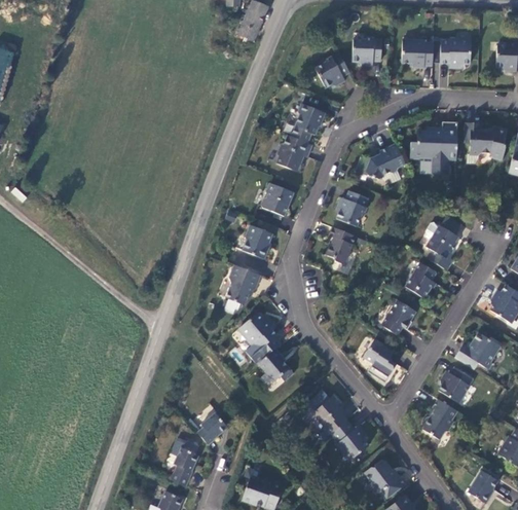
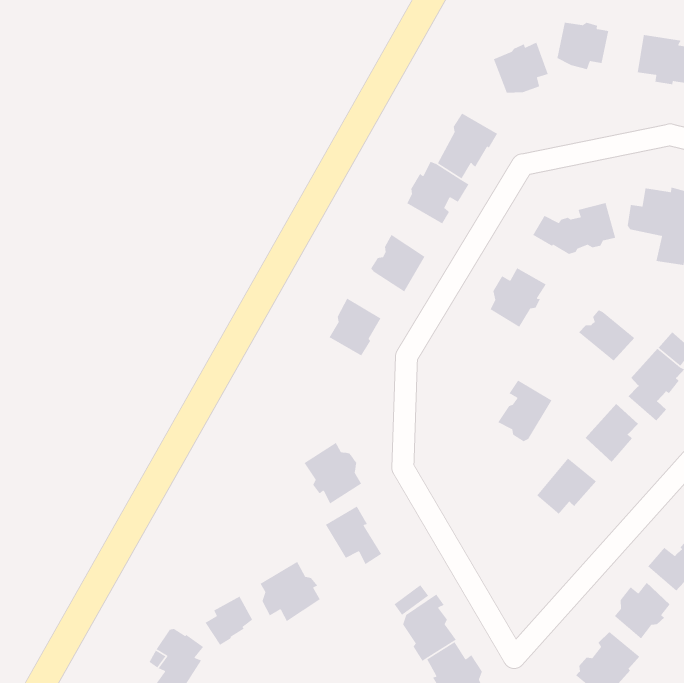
building: none -> [578,309,635,361]
building: [324,226,355,263] -> [497,379,552,442]
building: [222,264,260,313] -> none
building: [363,338,397,375] -> none
building: none -> [260,561,321,622]

